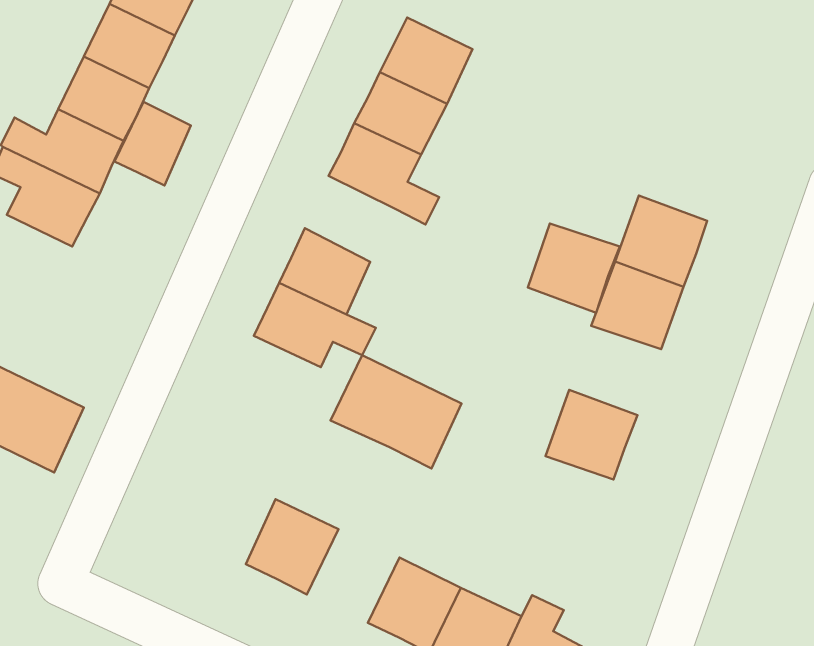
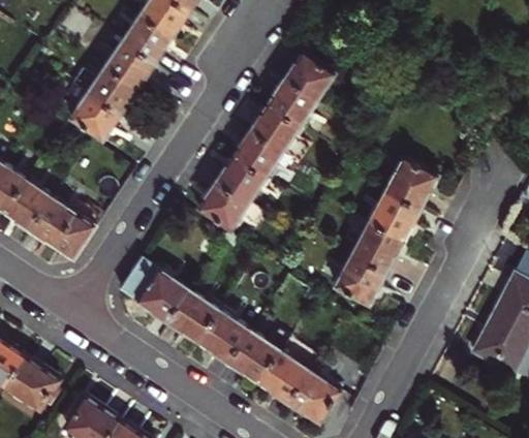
building: [115,102,191,186] -> none
building: none -> [226,124,276,173]
building: [528,223,620,313] -> [353,223,405,274]
building: [331,355,461,469] -> [120,257,190,322]
building: none -> [199,311,251,363]

